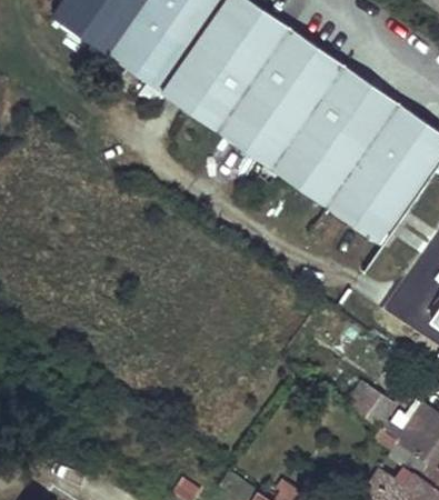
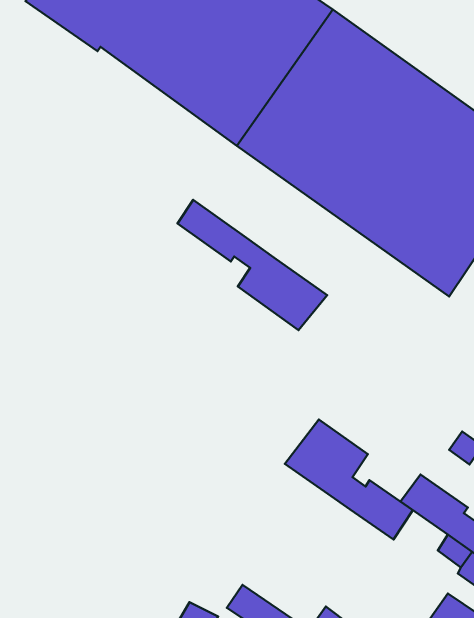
building: none -> [178,200,327,330]
building: none -> [285,419,413,539]

